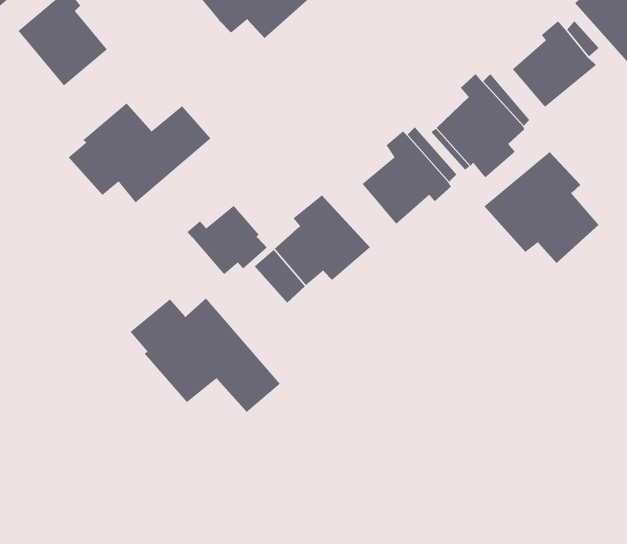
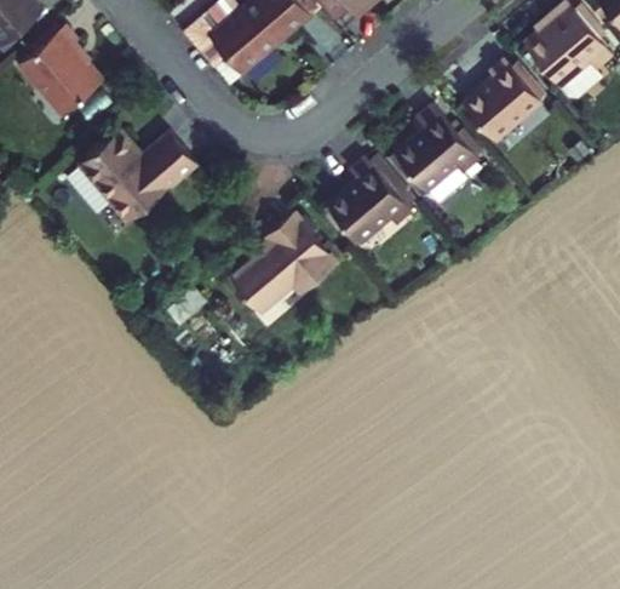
building: [484,151,600,264] -> none
building: [186,205,268,275] -> none
building: [129,297,281,413] -> none

